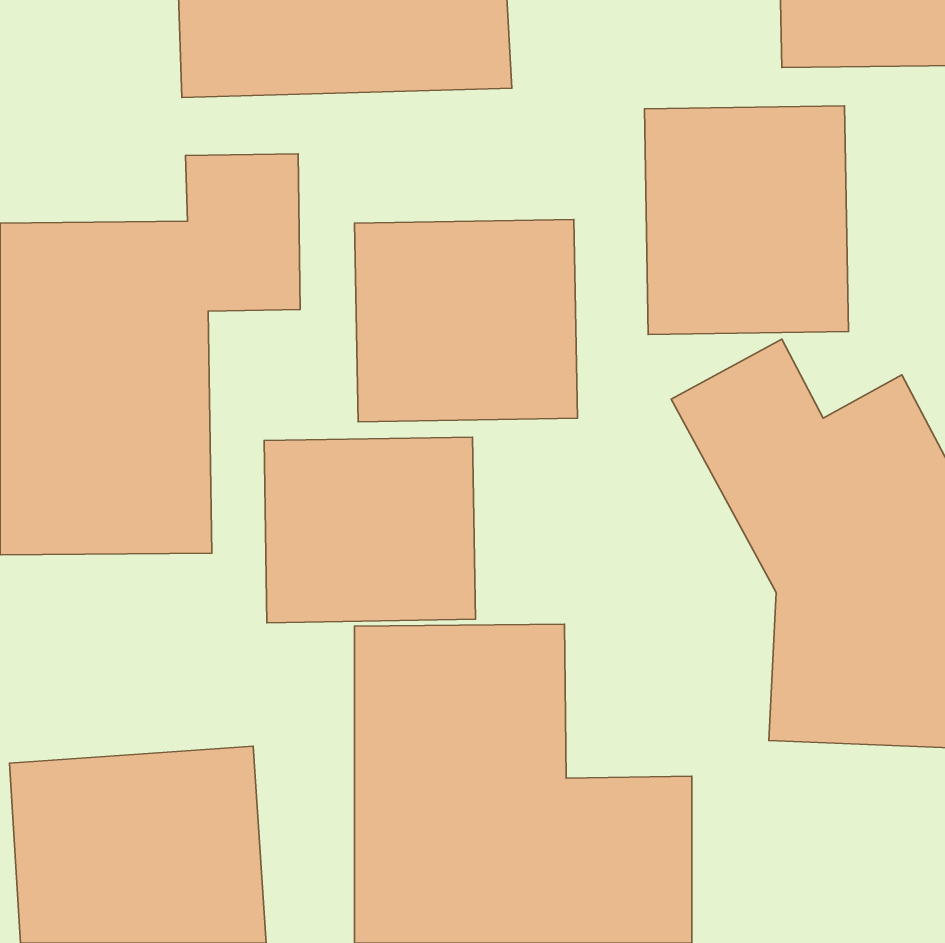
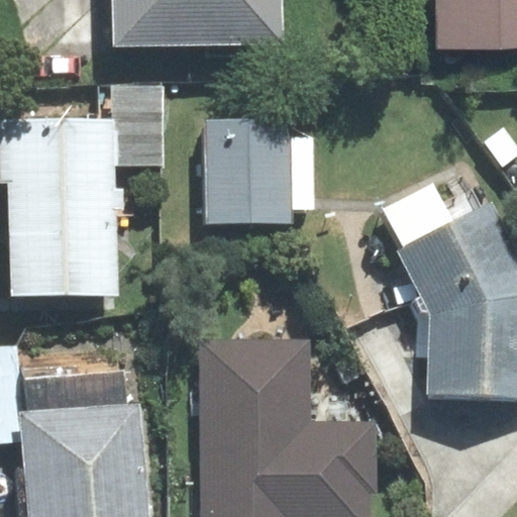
building: [644,106,848,334] -> none
building: [264,437,475,623] -> none

